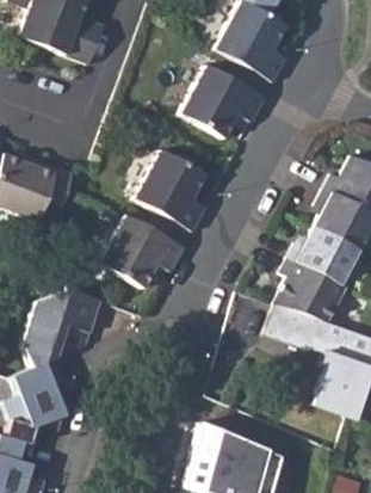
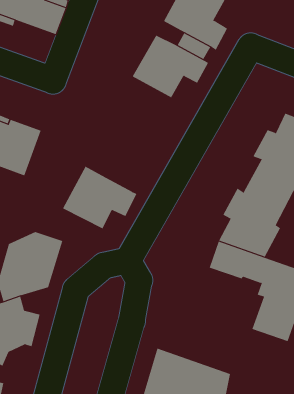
building: [132,147,205,244] -> none

